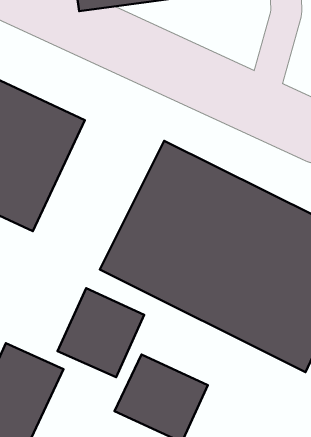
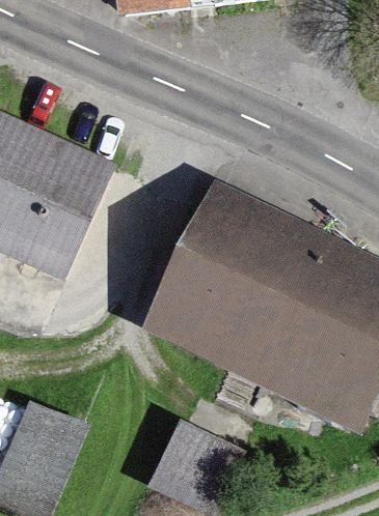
building: [57,288,144,377] -> none

